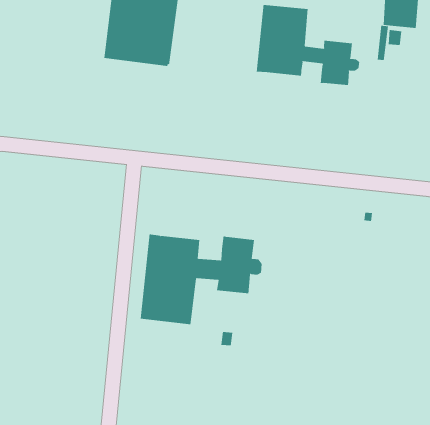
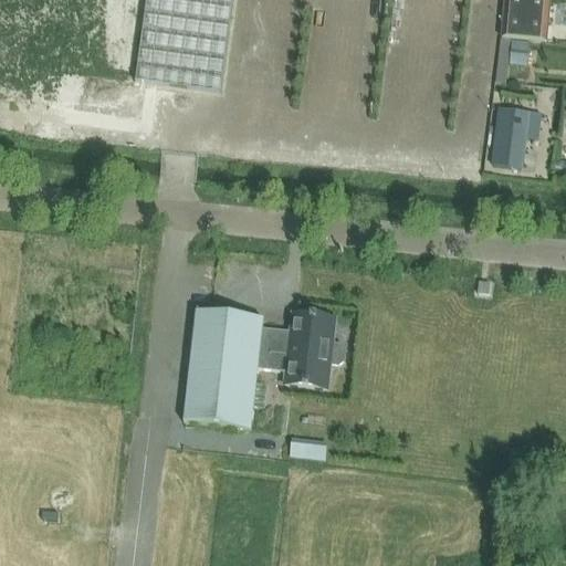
building: [256,4,360,86] -> none
building: none -> [493,104,531,166]

